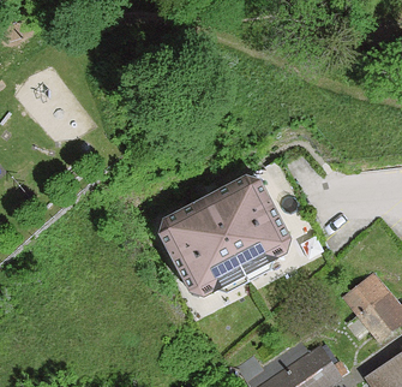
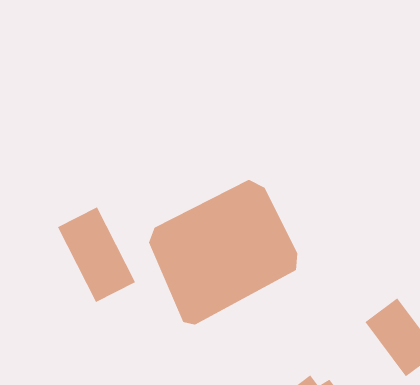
building: none -> [57,207,136,303]

